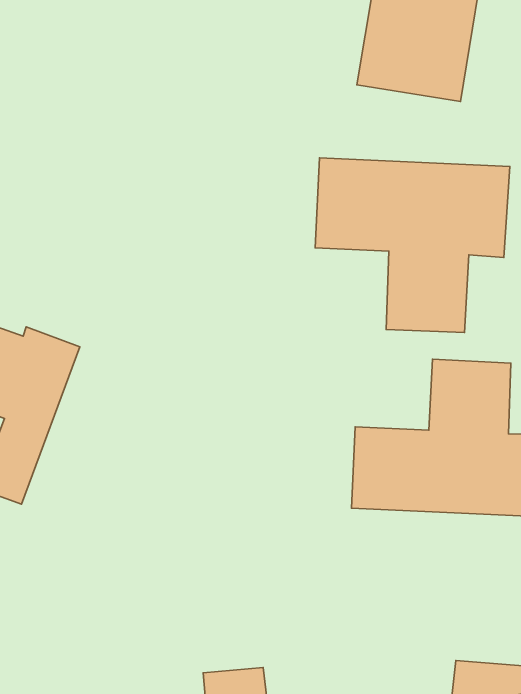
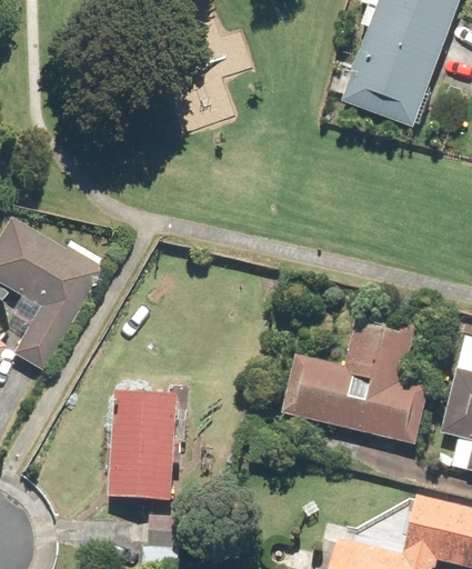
building: [315,158,510,333] -> none
building: none -> [113,389,182,497]

